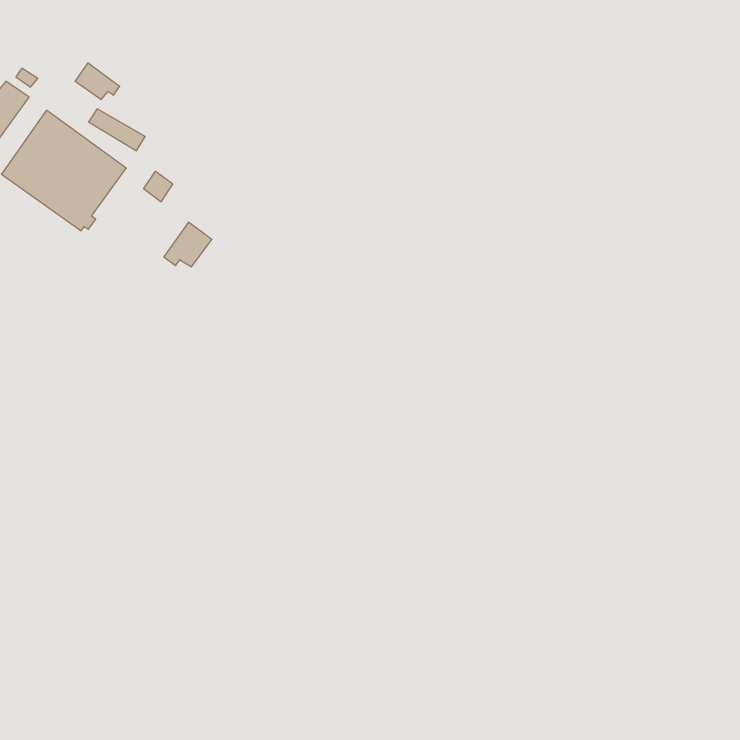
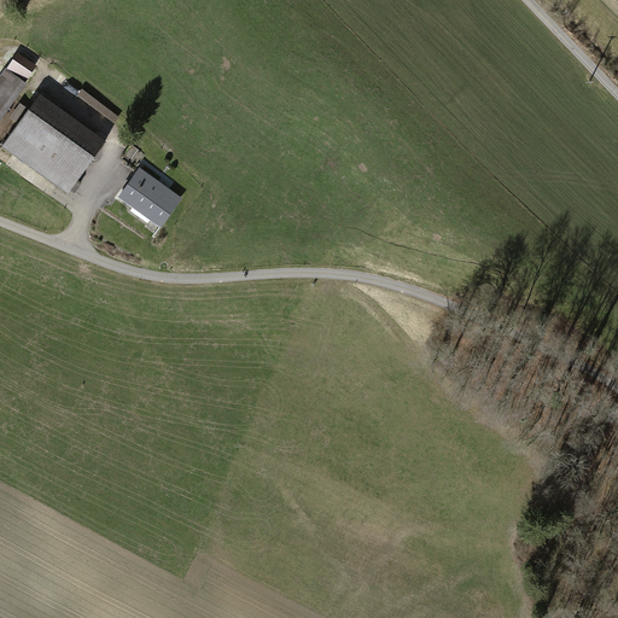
building: [75,63,120,100] -> none
building: none -> [121,170,157,214]

